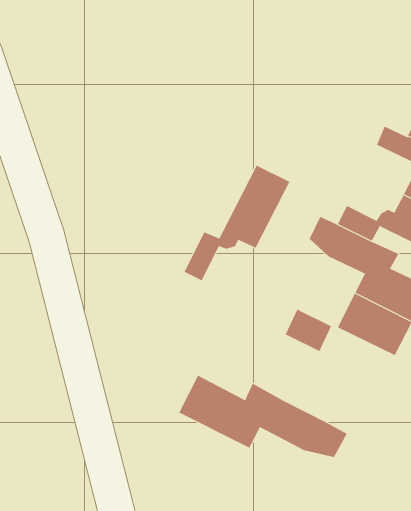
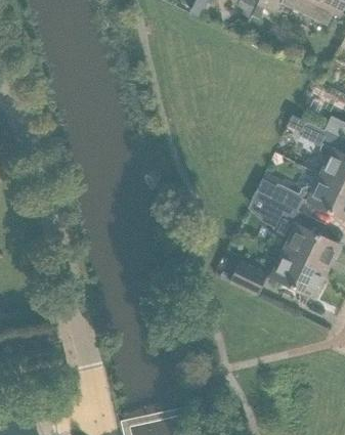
building: [184,165,290,281] -> none
building: [179,375,347,458] -> none

